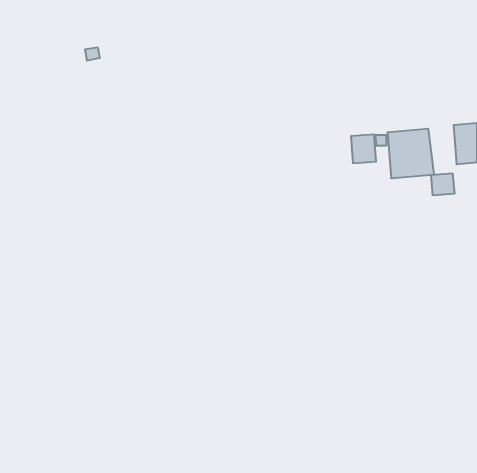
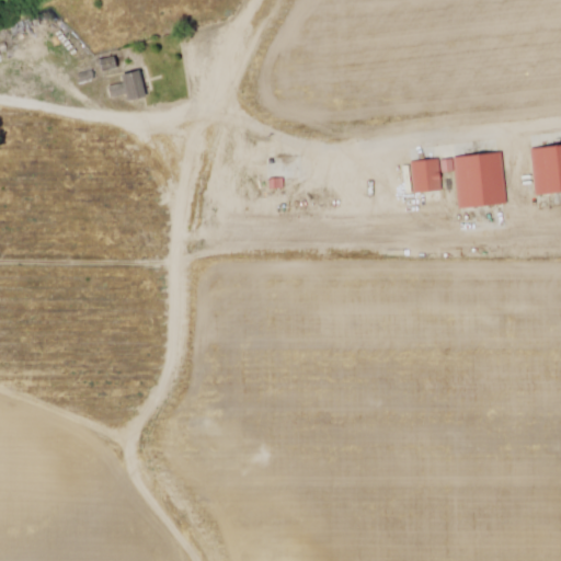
building: none -> [108,71,146,102]
building: [431,173,454,195] -> none

